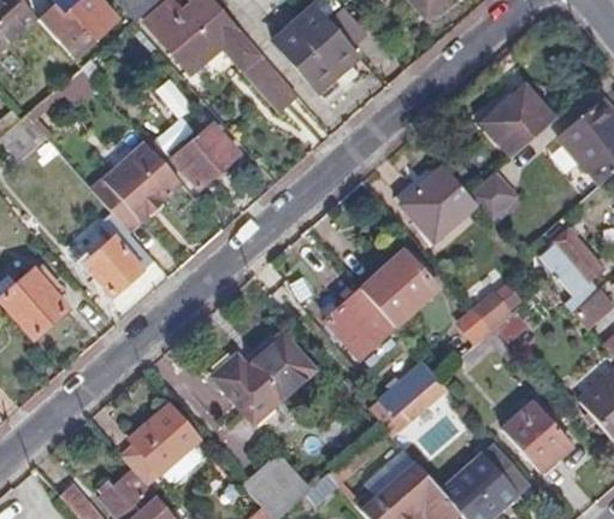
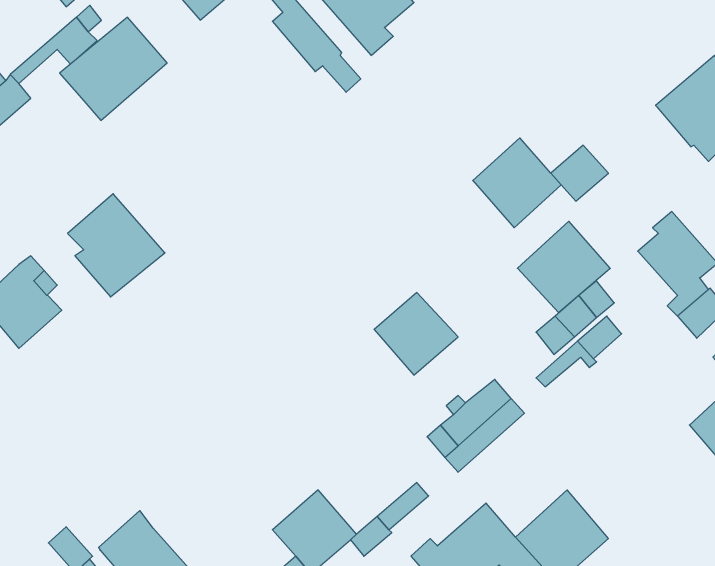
building: [480,83,555,155] -> none
building: [181,123,237,178] -> none
building: [94,143,182,228] -> [60,17,167,120]
building: [360,252,436,326] -> [517,221,610,313]
building: [214,335,314,420] -> none
building: [502,400,571,472] -> none
building: [122,405,195,483] -> none

